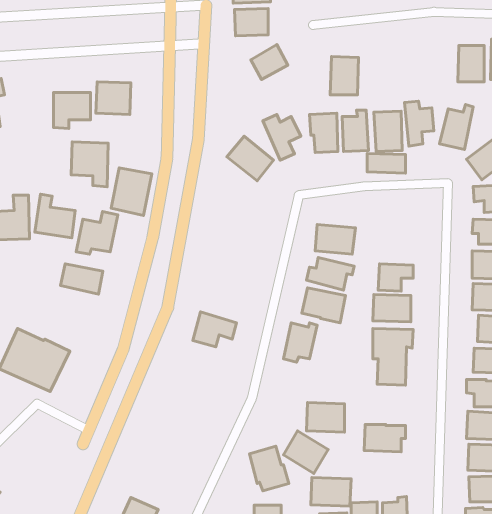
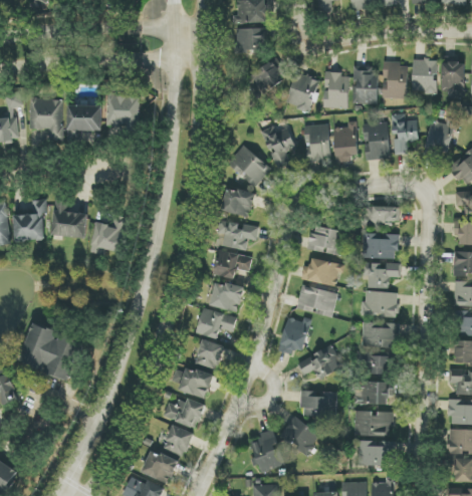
building: none -> [412,59,437,92]
building: none -> [382,62,407,98]
building: none -> [351,66,378,103]
building: none -> [285,73,319,111]
building: [71,142,108,187] -> [28,98,62,140]
building: [367,153,405,173] -> [363,206,398,224]
building: [111,168,152,216] -> none
building: none -> [220,187,254,218]
building: none -> [217,221,258,250]
building: none -> [364,233,398,259]
building: none -> [214,250,252,279]
building: [60,264,103,294] -> none
building: none -> [209,281,244,313]
building: none -> [195,338,223,369]
building: none -> [297,344,342,379]
building: none -> [172,366,213,399]
building: none -> [357,382,390,404]
building: none -> [163,397,204,429]
building: none -> [162,425,194,456]
building: none -> [141,449,178,484]
building: [311,478,351,506] -> [357,440,394,466]

